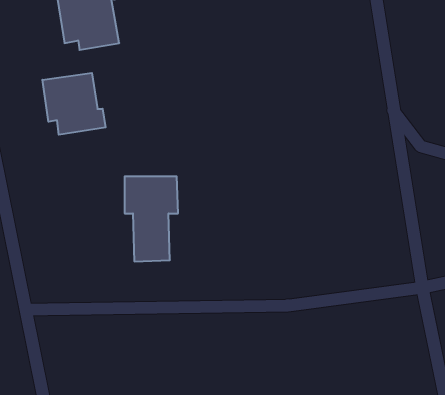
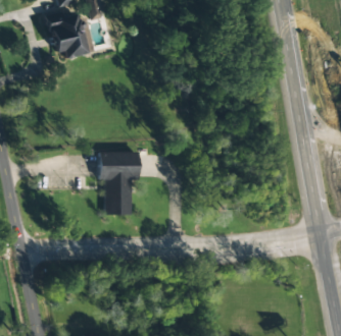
building: [42,73,106,135] -> none

